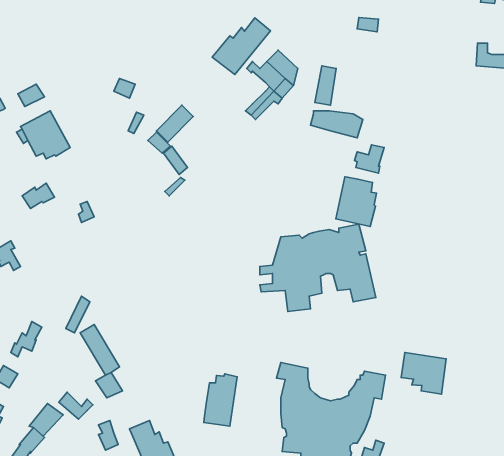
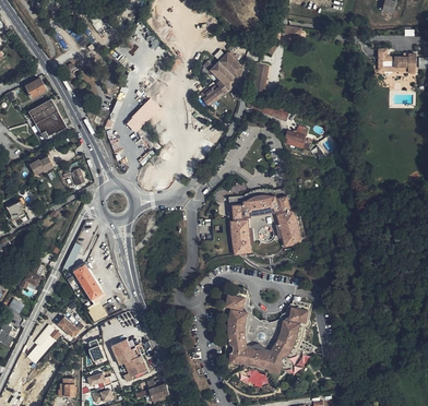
building: [212,18,271,75] -> none
building: [336,177,376,227] -> none
building: [401,353,446,394] -> none
building: [204,374,237,426] -> none

